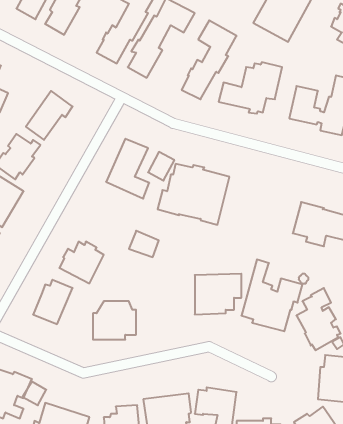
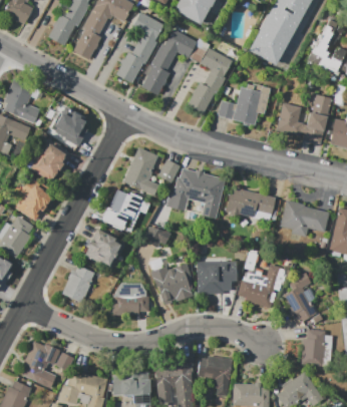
building: none -> [226,185,276,218]
building: none -> [106,188,151,227]
building: none -> [151,262,196,305]

